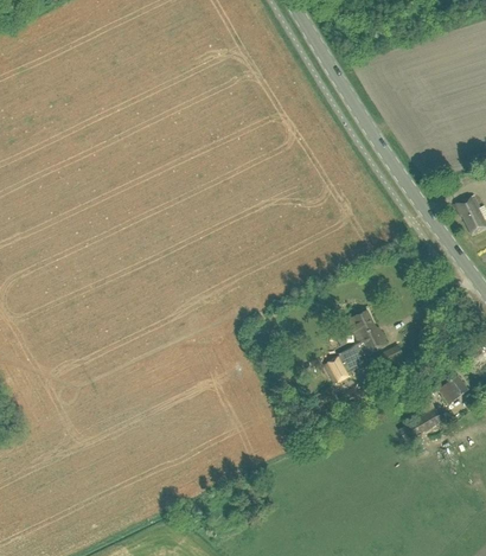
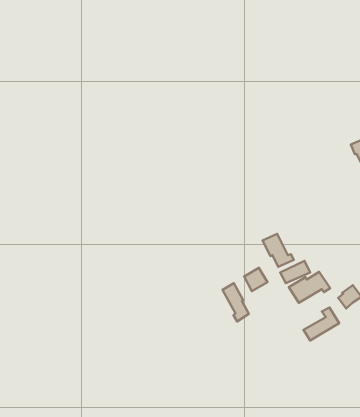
building: none -> [289,272,330,303]
building: none -> [222,283,249,321]

